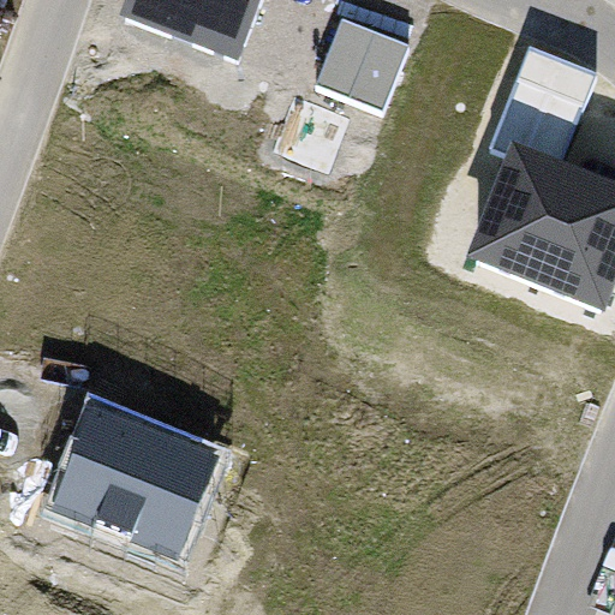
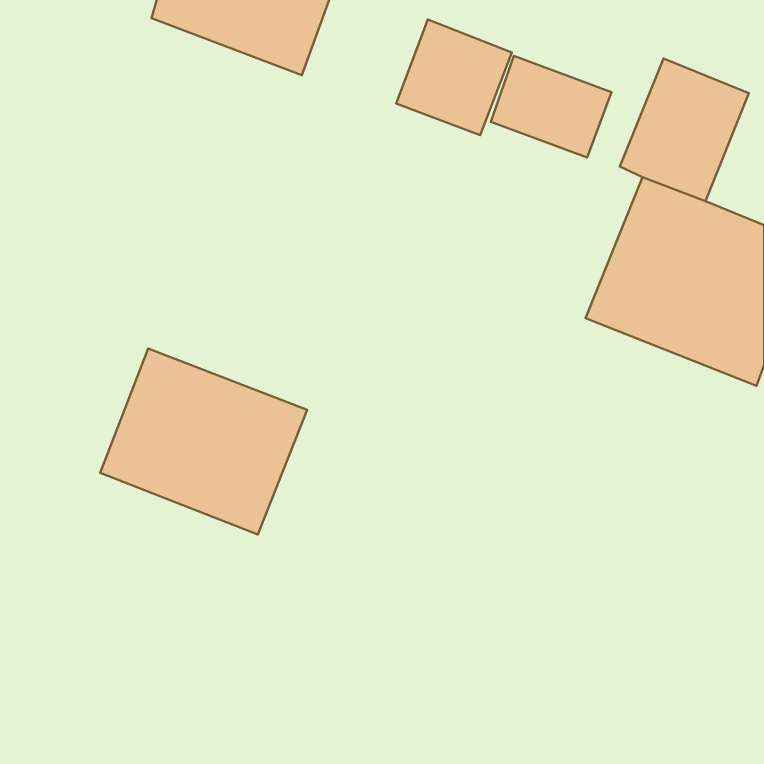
building: none -> [491,56,611,157]
building: [50,402,216,551] -> [100,348,307,534]

